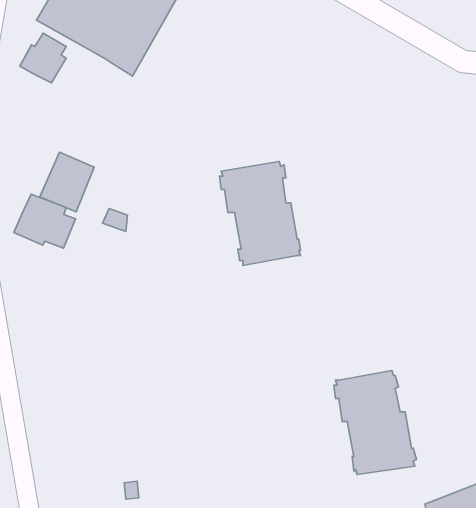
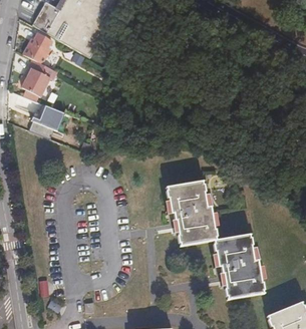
building: none -> [22,57,55,93]
building: [220,161,301,266] -> [168,186,217,249]
building: [14,194,76,248] -> none

